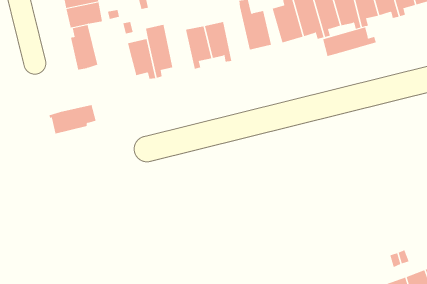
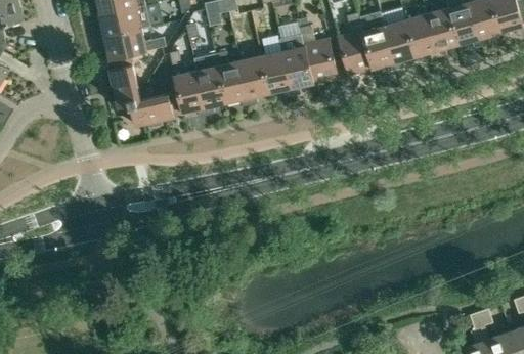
building: none -> [279,34,311,95]
building: none -> [215,51,249,106]
building: [322,27,377,57] -> none
building: [49,104,97,134] -> [128,91,182,125]

